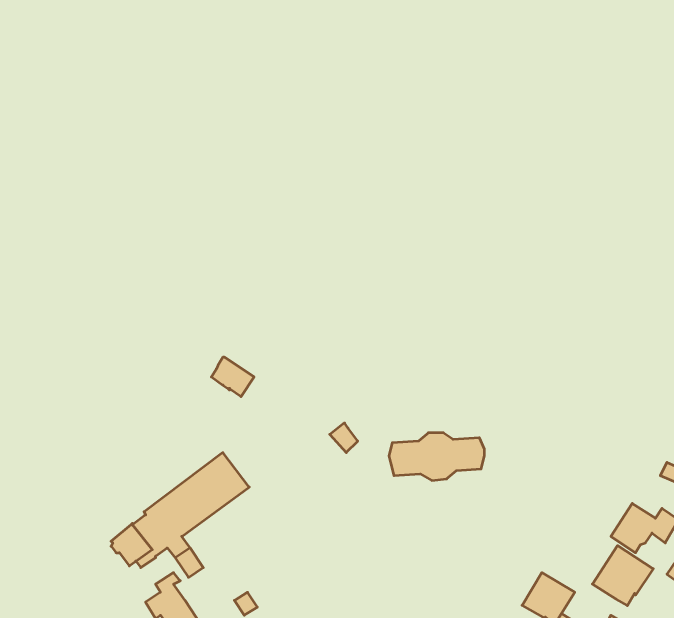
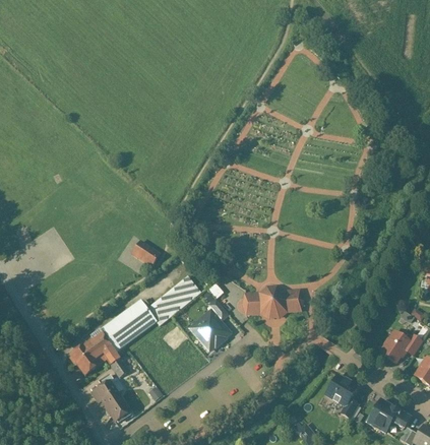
building: none -> [152,278,197,320]
building: none -> [188,308,232,353]
building: [592,546,653,606] -> none

